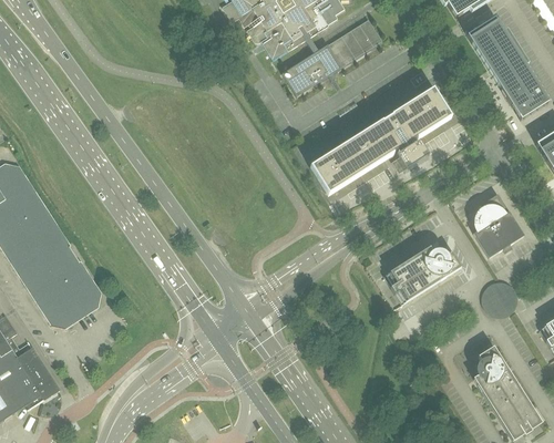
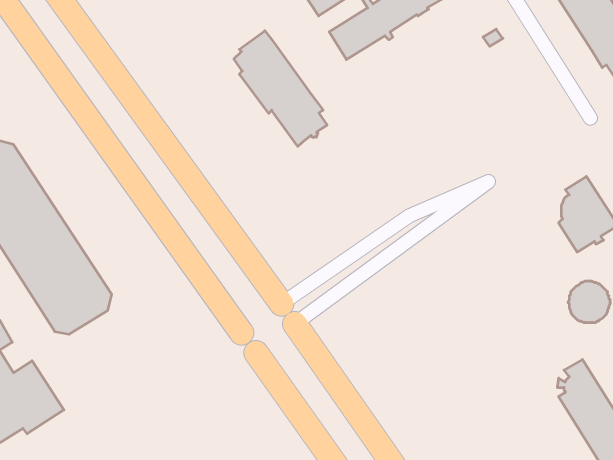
building: none -> [234,31,327,146]
building: [309,87,451,194] -> none
building: [382,246,461,302] -> none

